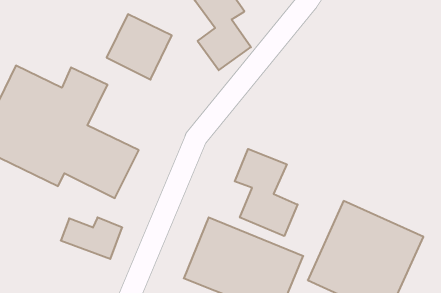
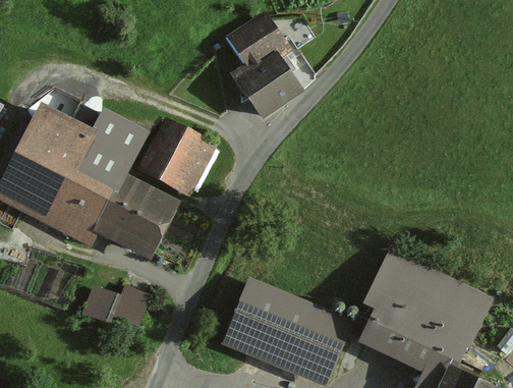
building: [107,14,172,80] -> [141,121,214,193]
building: [235,149,298,236] -> none

